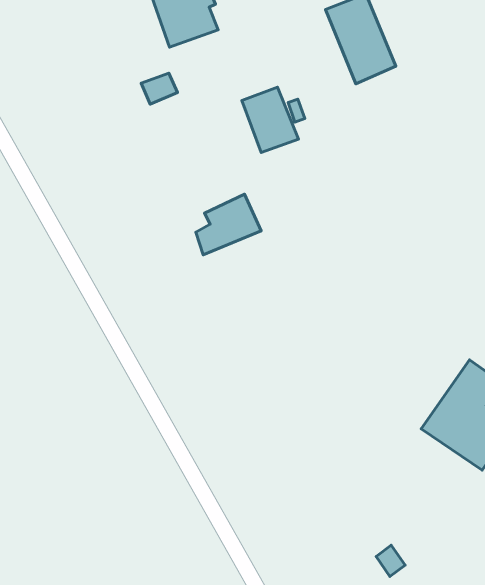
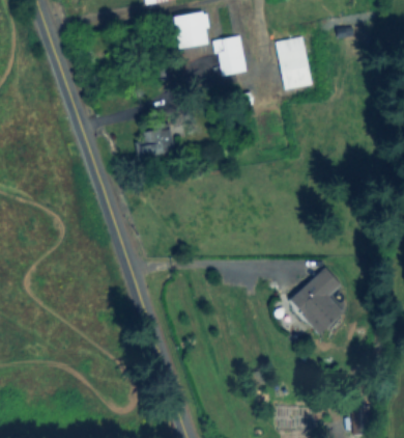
building: [242,87,299,152] -> [215,37,246,75]
building: [196,194,261,255] -> [136,125,175,157]

